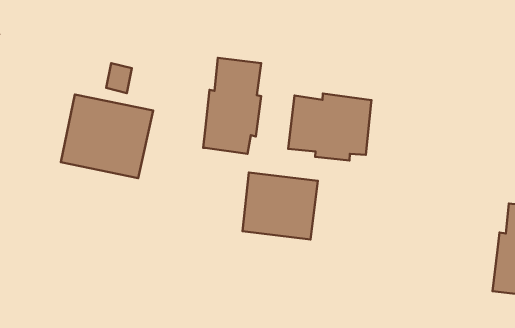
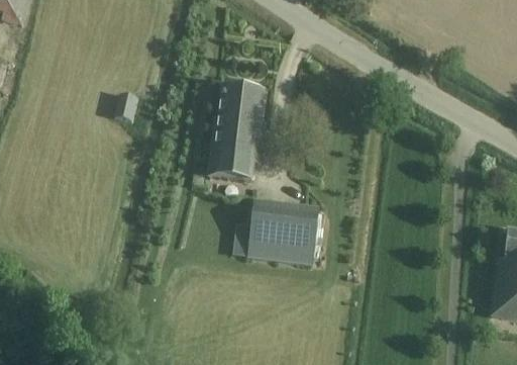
building: [288,93,372,160] -> none
building: [61,94,153,178] -> none

